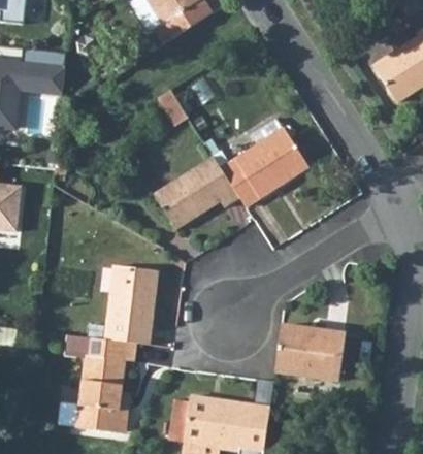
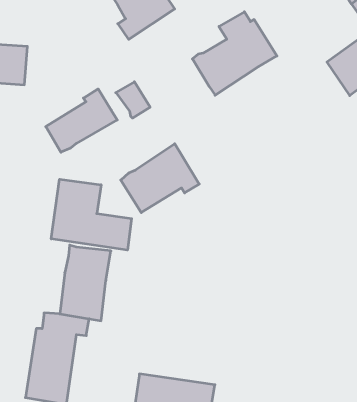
building: none -> [46,89,117,152]
building: [230,120,319,207] -> [192,12,277,95]
building: none -> [51,179,132,250]
building: [270,329,341,387] -> none

